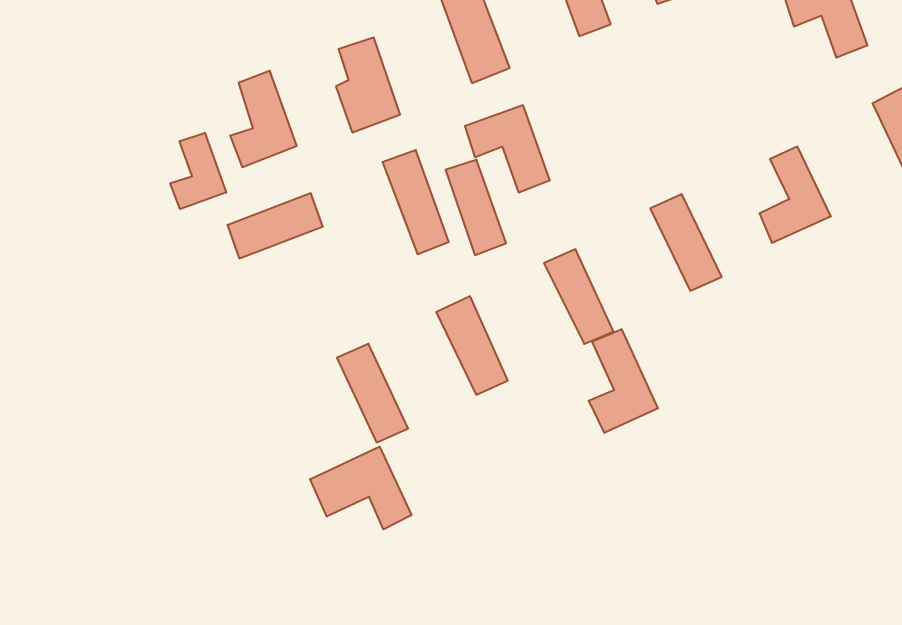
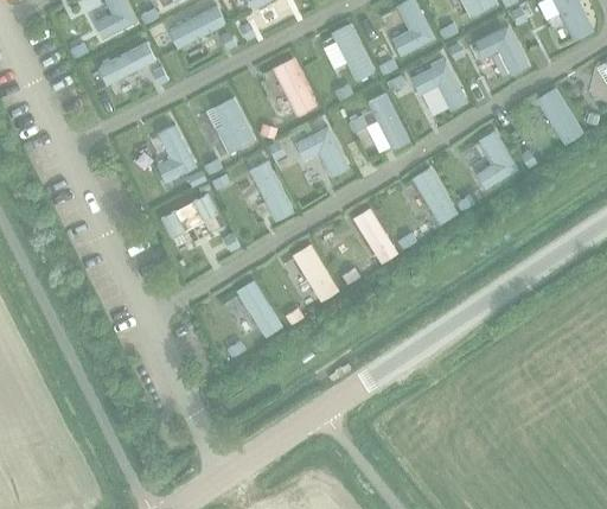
building: none -> [410,59,466,109]
building: [170,133,226,209] -> none
building: [445,160,506,255] -> [368,93,409,149]
building: [589,329,658,433] -> none
building: [310,447,412,529] -> none

